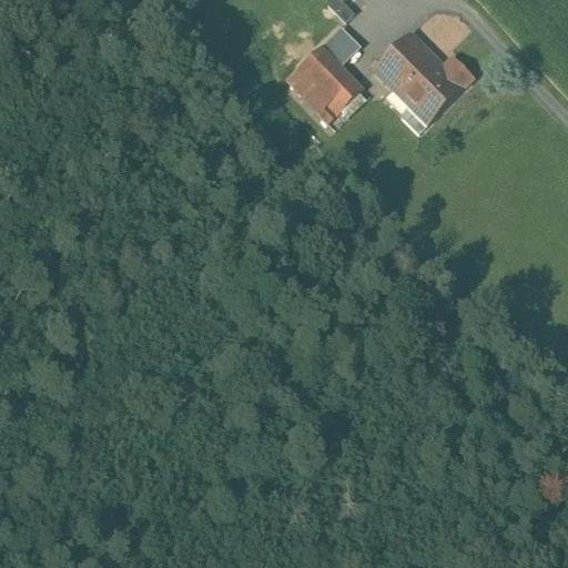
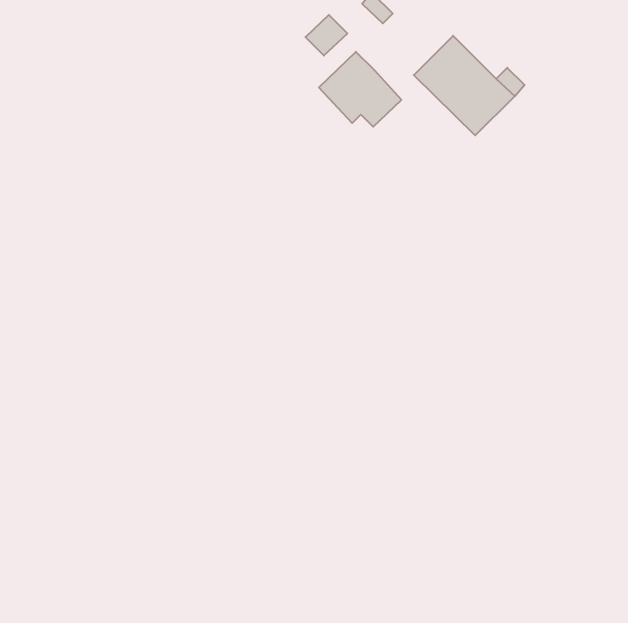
building: [321,27,358,63] -> [305,15,347,56]

